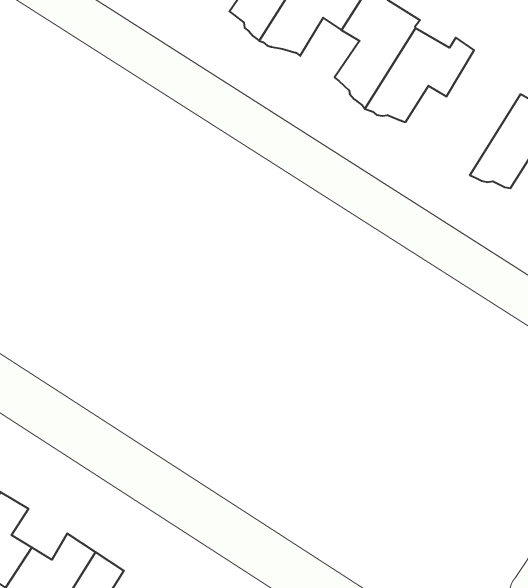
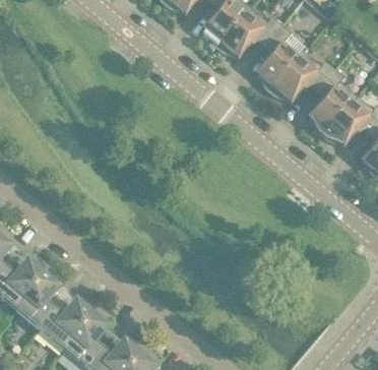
building: none -> [308,66,356,134]

